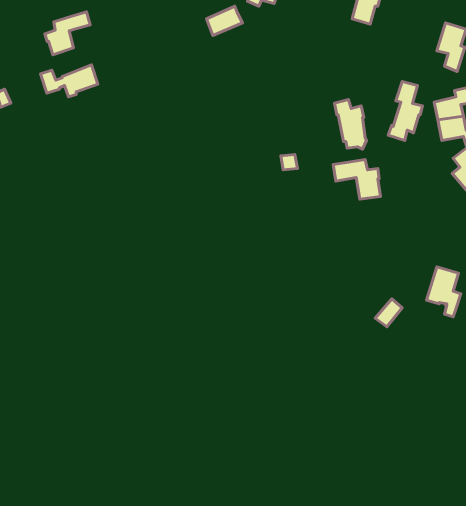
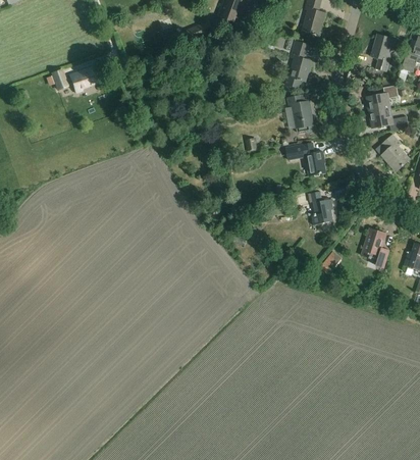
building: [45,12,90,55] -> none
building: [388,82,423,140] -> [283,41,311,88]
building: none -> [308,190,333,222]

